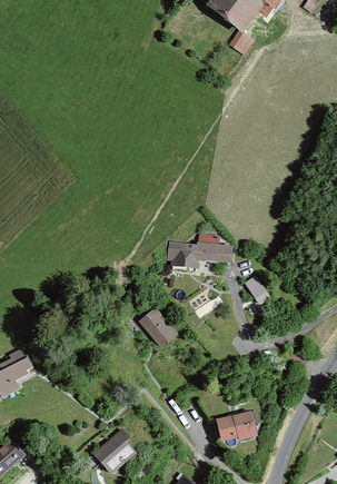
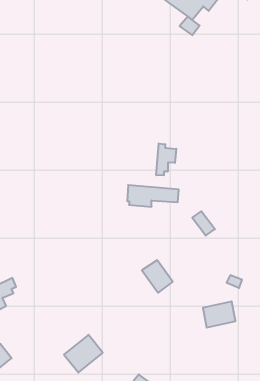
building: none -> [156,143,176,175]
building: [138,307,176,347] -> [142,260,173,293]
building: [212,409,252,442] -> [203,301,235,328]

